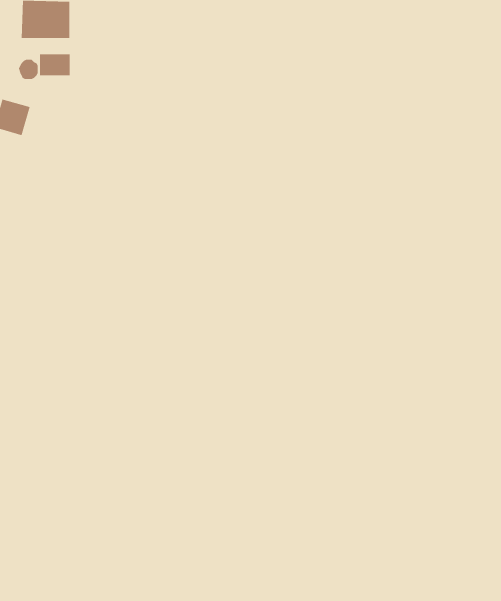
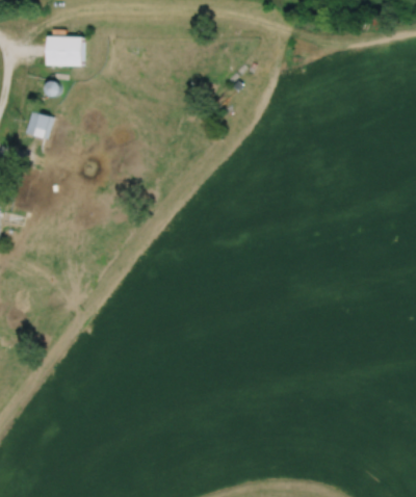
building: [40,53,70,76] -> none

